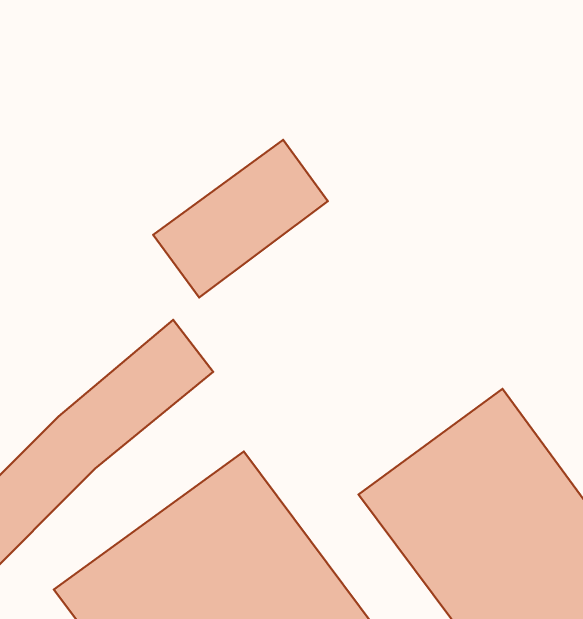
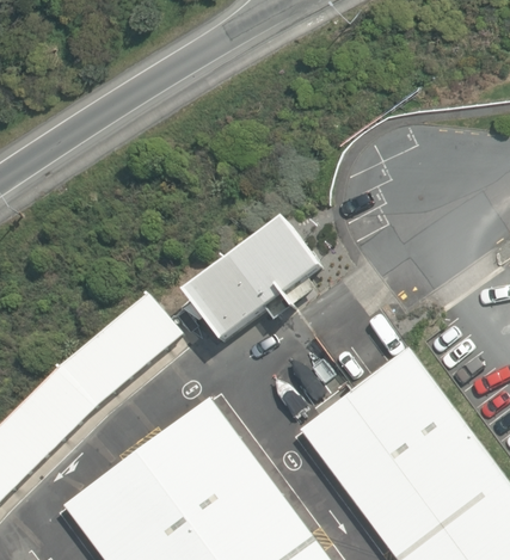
building: [153,140,328,298] -> [186,217,322,340]

